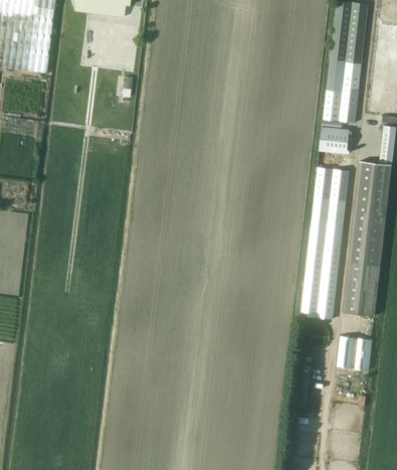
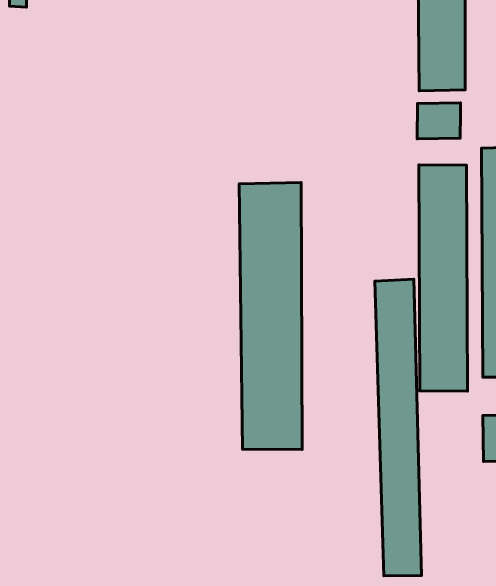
building: none -> [239,183,302,450]
building: none -> [375,279,421,576]

